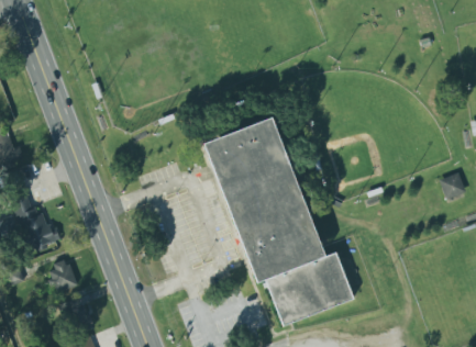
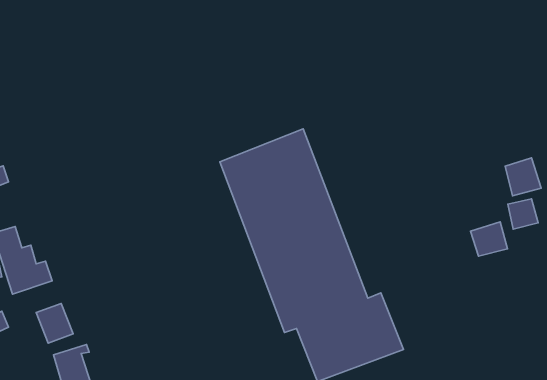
building: none -> [505,158,541,196]
building: none -> [471,222,507,256]

